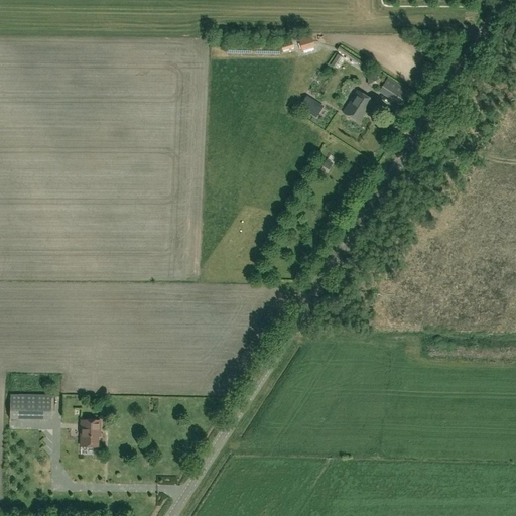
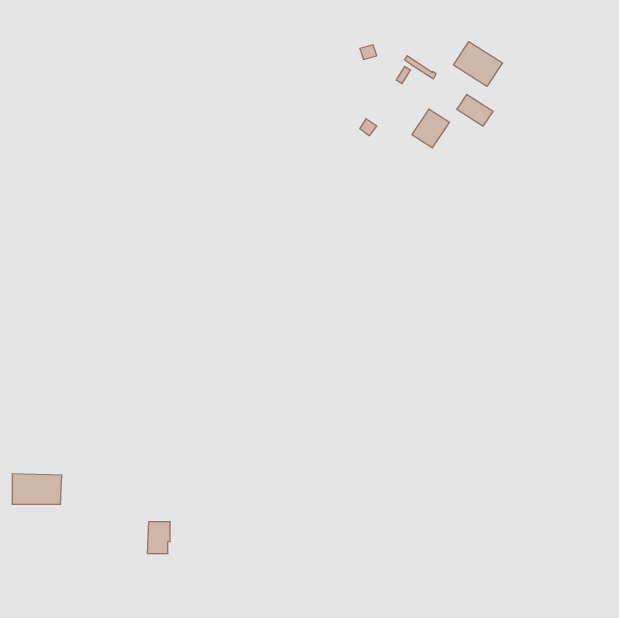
building: none -> [453,42,502,86]
building: [81,420,100,446] -> [147,522,170,553]

